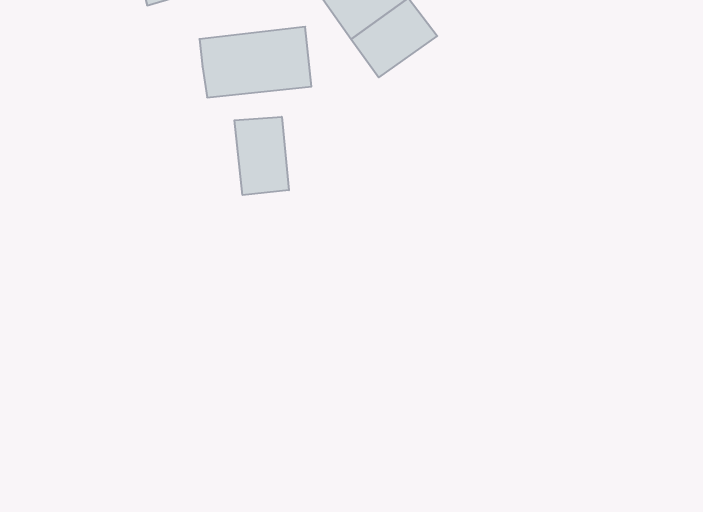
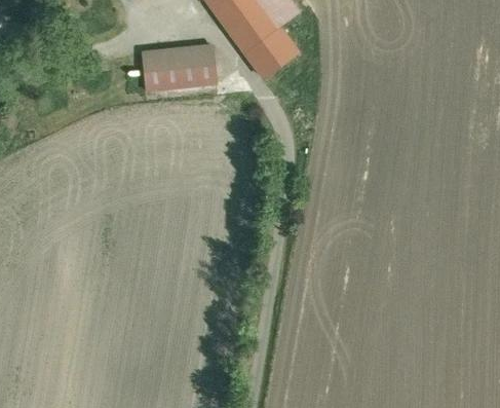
building: [234,117,289,195] -> none

